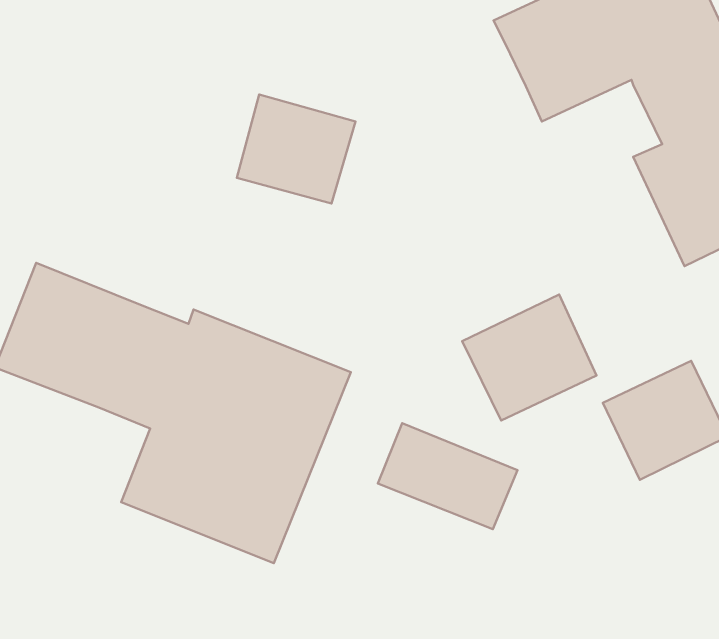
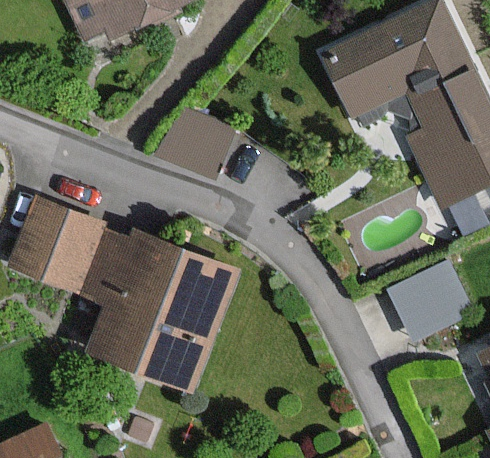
building: [462,295,597,421] -> none
building: [378,423,517,529] -> none

